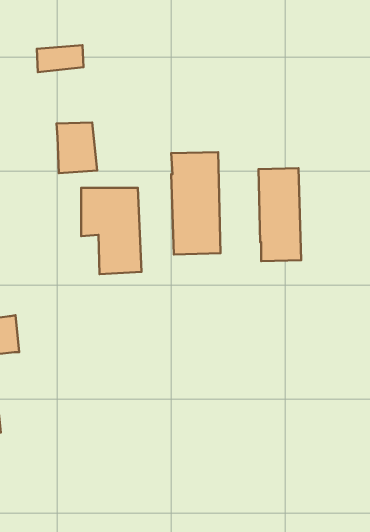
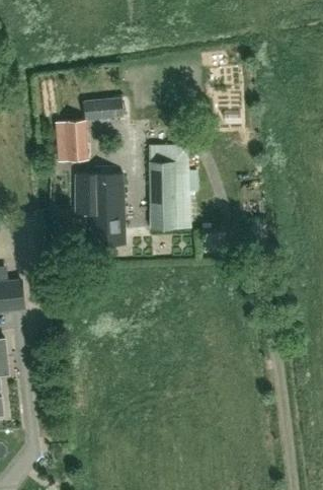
building: [37,45,84,72] -> [84,98,123,121]
building: [259,168,301,261] -> none

